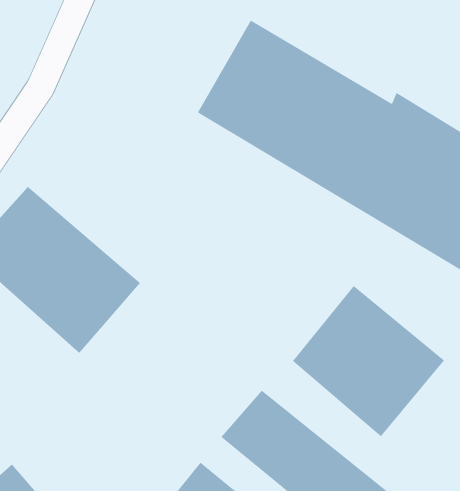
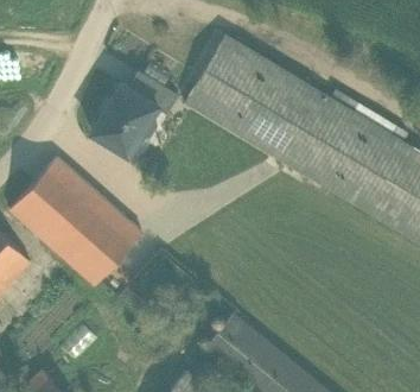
building: none -> [91,72,177,157]
building: [292,285,445,437] -> none

